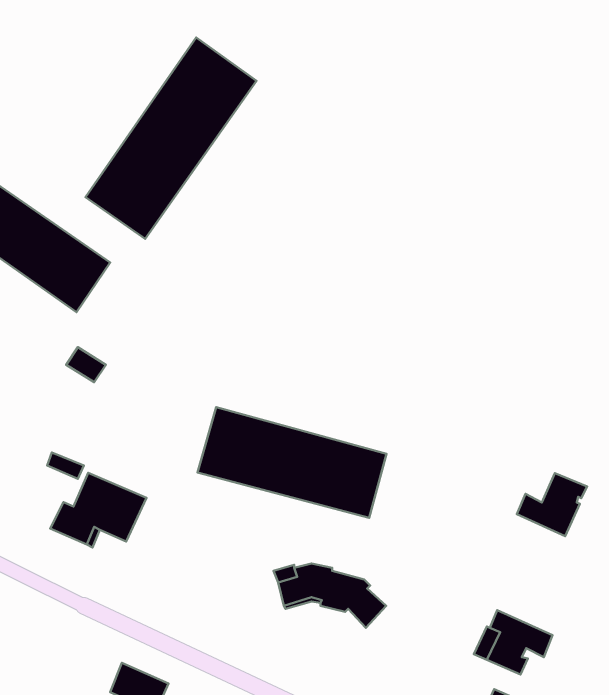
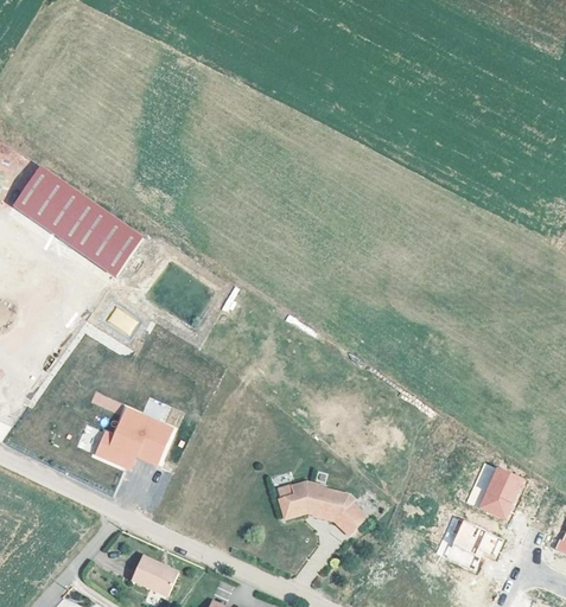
building: [86,37,256,239] -> none
building: [198,407,386,518] -> none
building: [517,473,587,536] -> [465,468,522,519]

